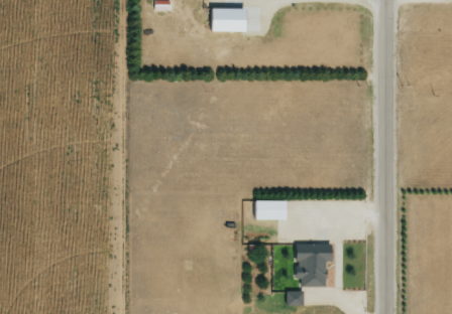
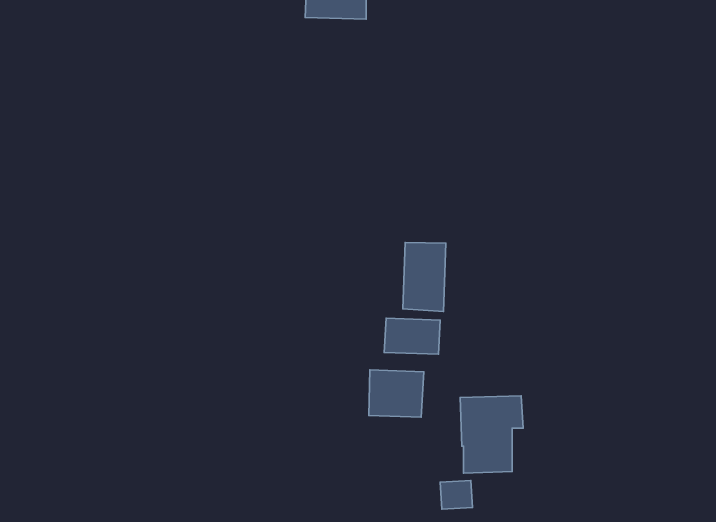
building: none -> [403,243,446,312]
building: none -> [369,370,424,417]

